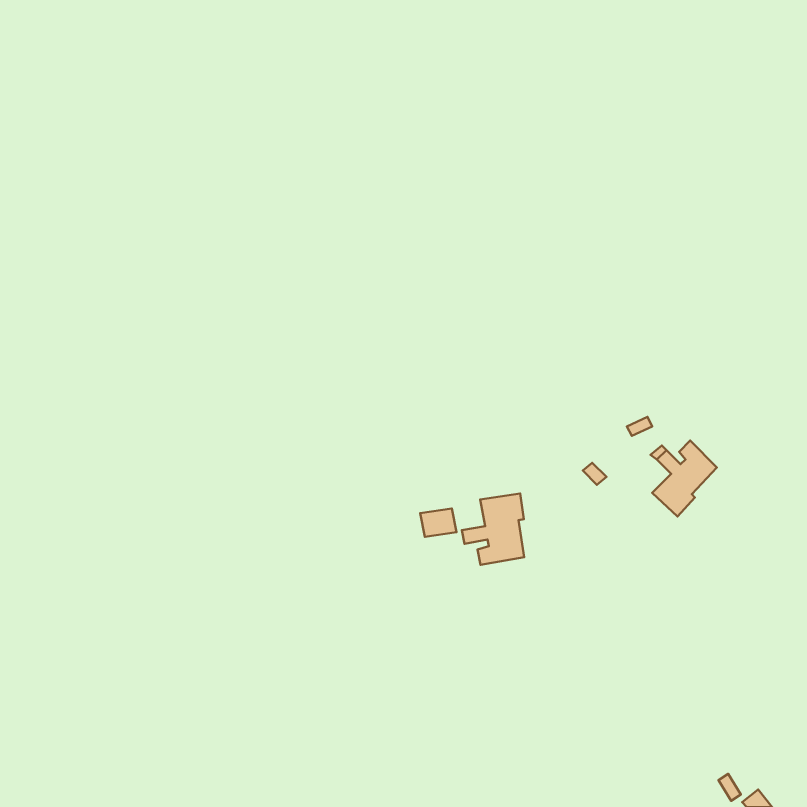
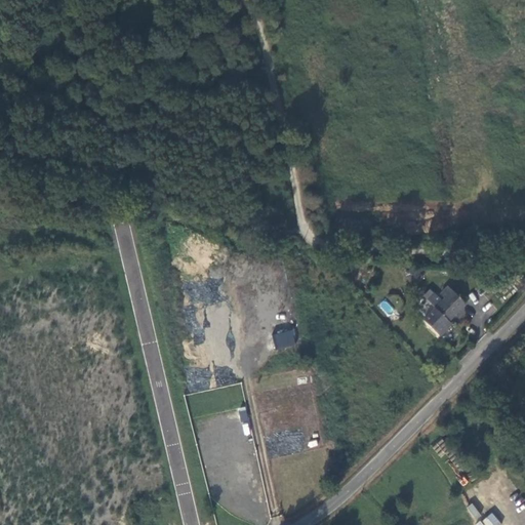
building: [462,493,524,565] -> none

